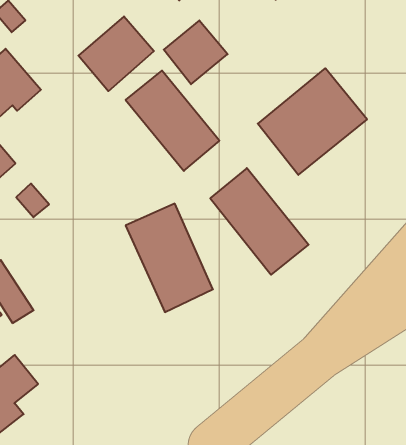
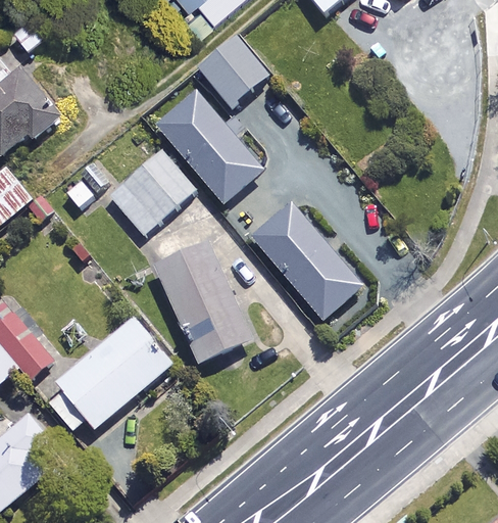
building: [78,16,154,91] -> [109,148,194,232]
building: [258,68,367,175] -> none
building: none -> [50,316,172,428]

